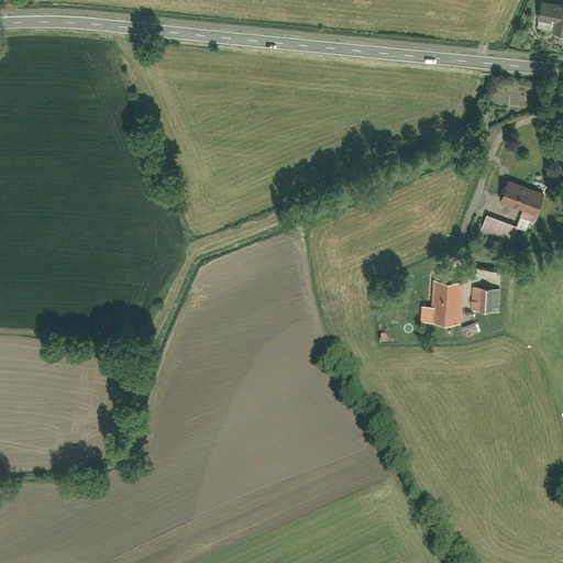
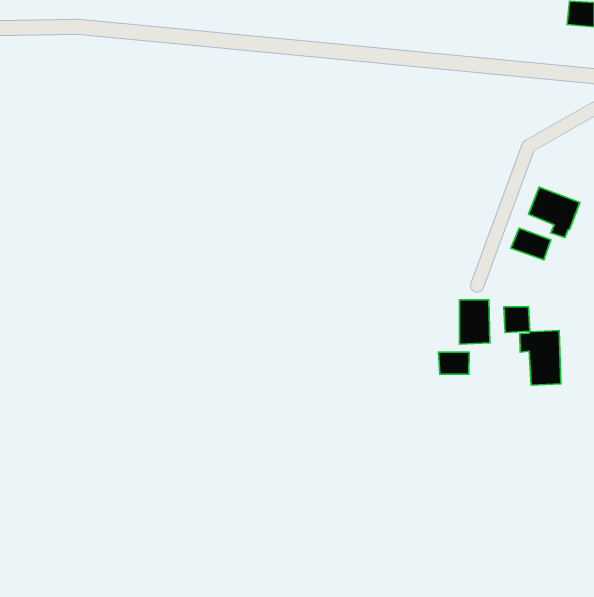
building: none -> [520,330,561,385]
building: none -> [438,352,469,374]

